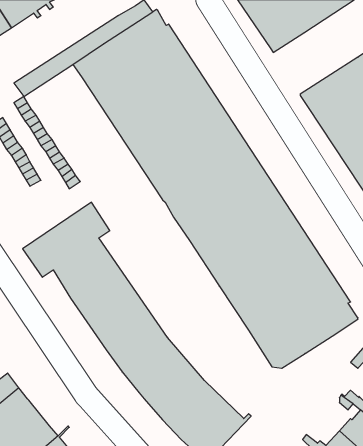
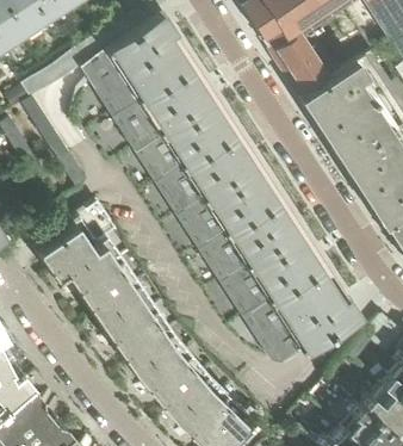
building: none -> [277,39,333,99]

